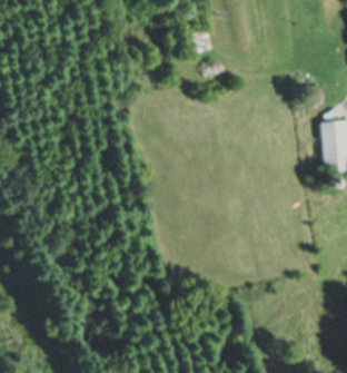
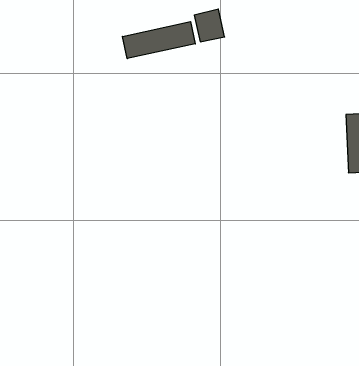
building: none -> [122,22,195,59]

